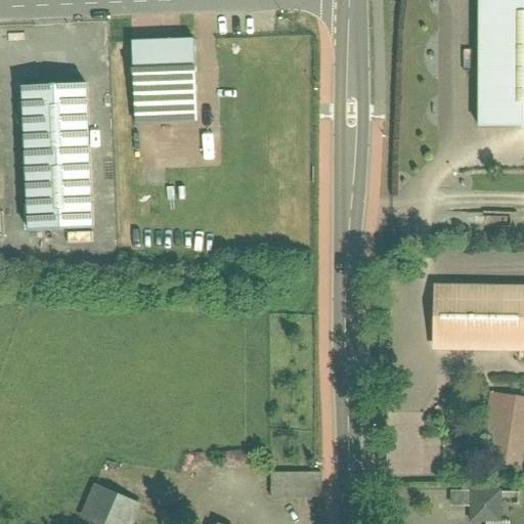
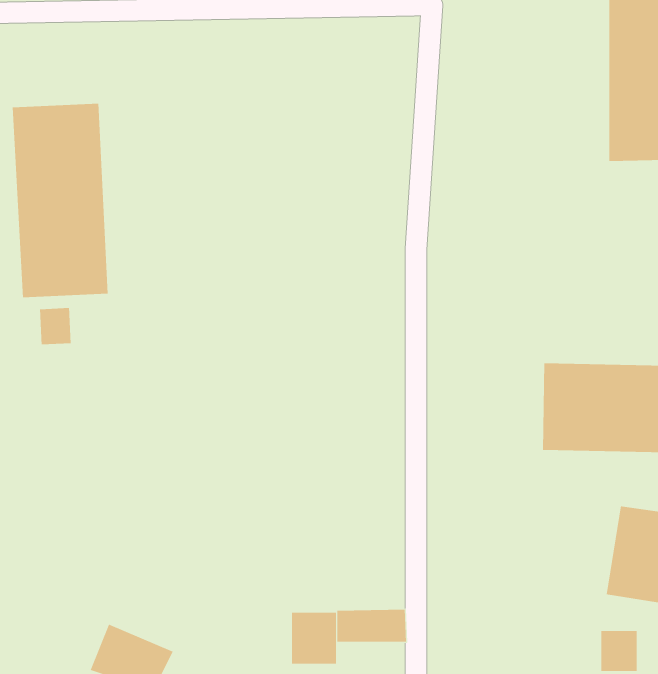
building: [131,38,198,124] -> none
building: none -> [39,307,71,345]
building: none -> [292,612,336,664]

